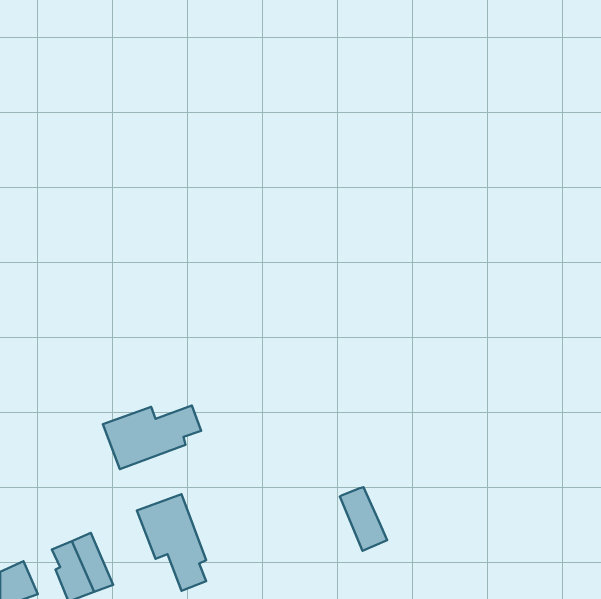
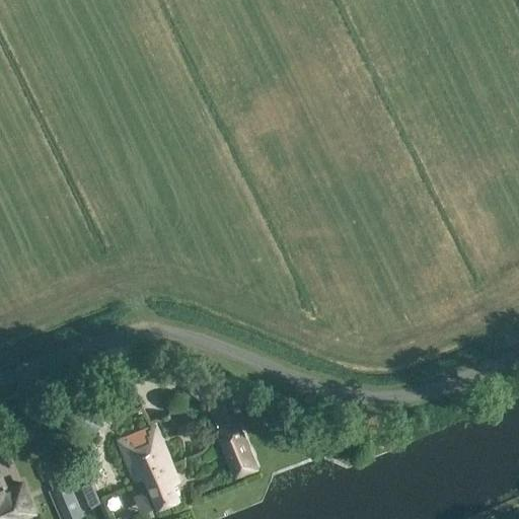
building: [103,406,201,469] -> none
building: [340,487,387,551] -> [216,424,256,478]

